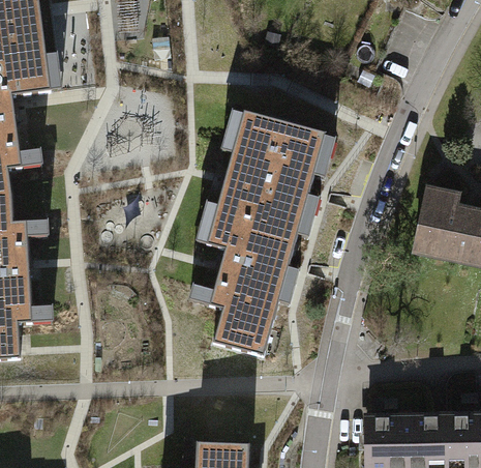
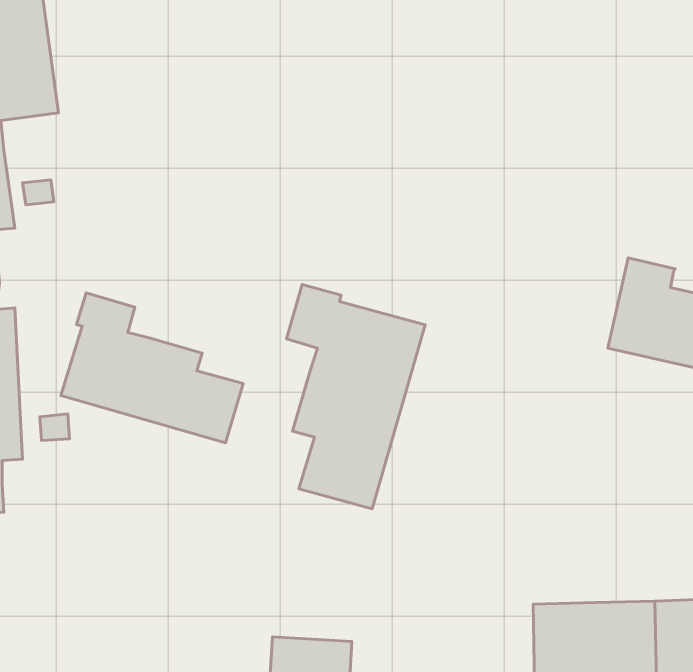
building: [213,111,323,233] -> none
building: none -> [61,293,243,443]

